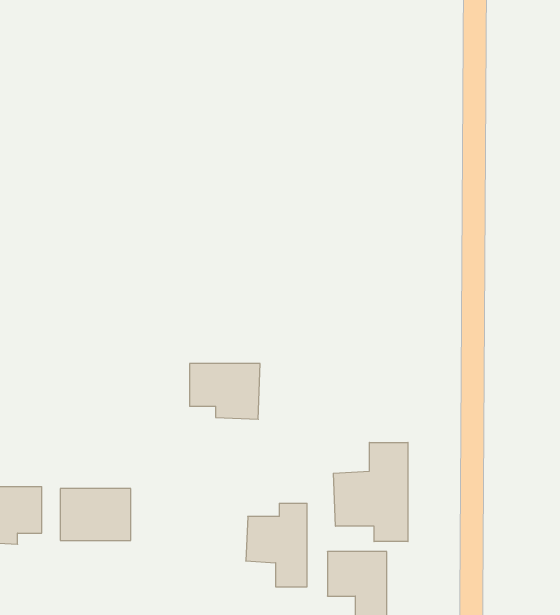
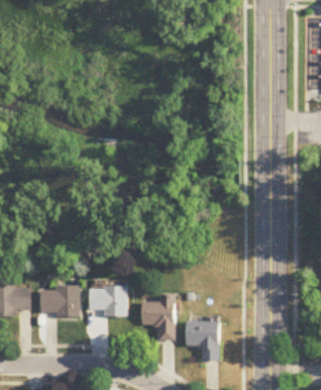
building: [190,364,260,419] -> [90,287,128,317]
building: [333,442,408,542] -> none

